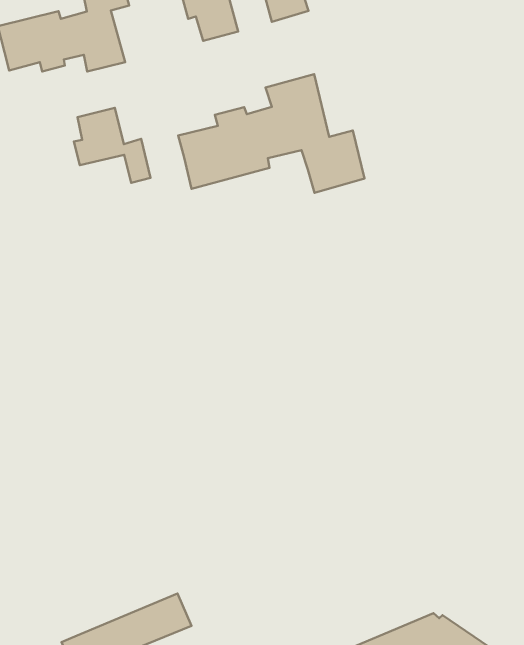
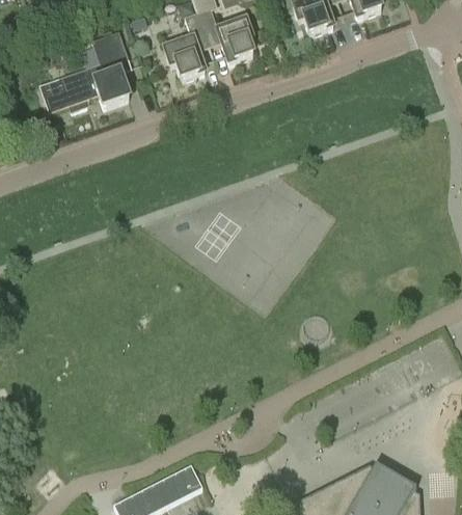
building: [178,74,365,193] -> none
building: [74,108,150,183] -> none

